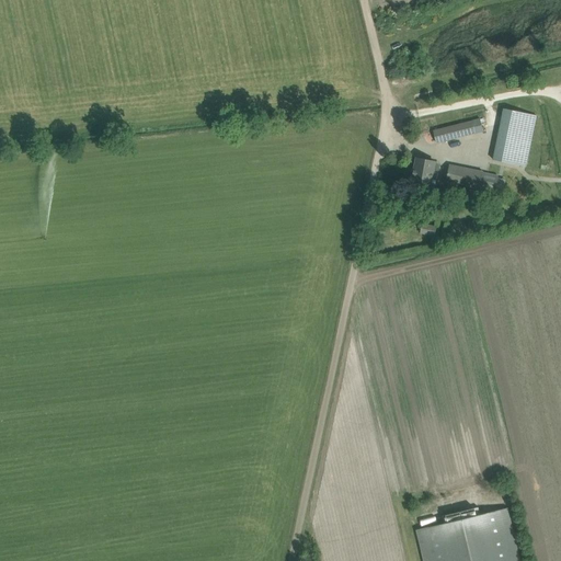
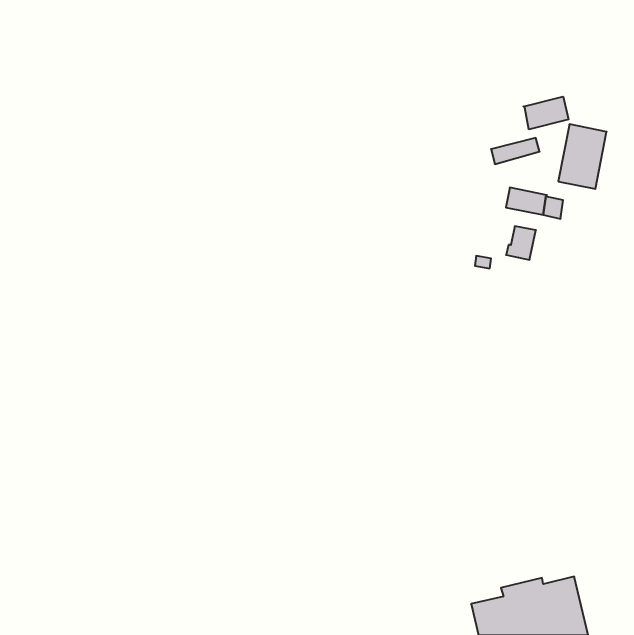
building: none -> [523,97,569,129]
building: [408,159,434,188] -> [506,226,536,260]

